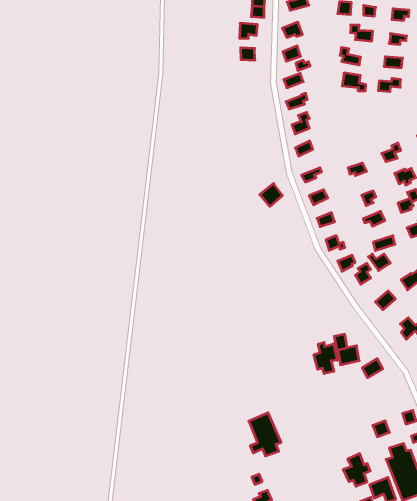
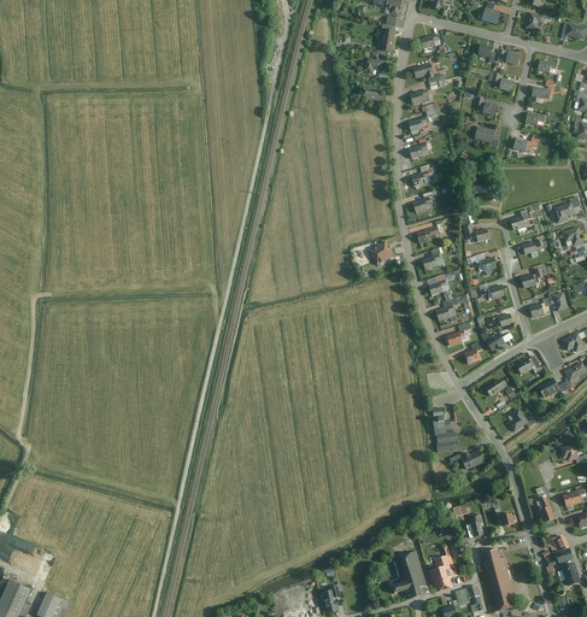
building: [314,342,337,374] -> none
building: [249,413,281,456] -> [393,551,428,599]

